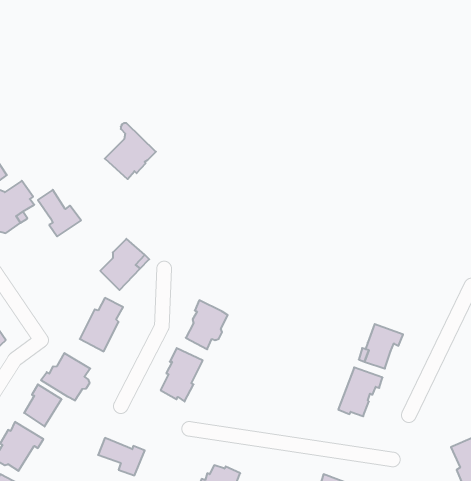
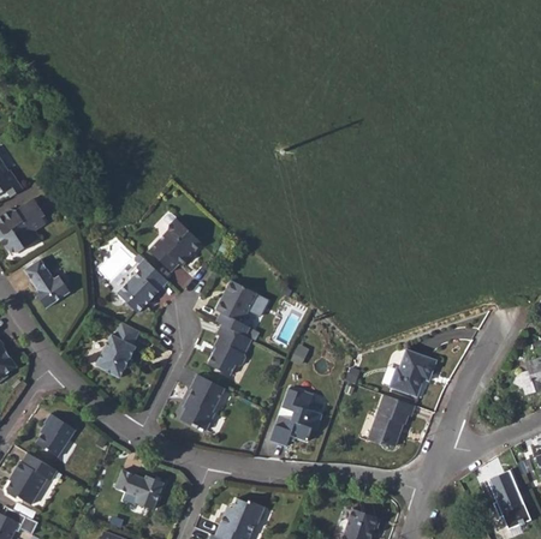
building: [105,123,156,179] -> [148,214,202,273]
building: [38,190,81,236] -> [25,259,71,309]
building: none -> [215,280,257,336]
building: [41,353,90,401] -> none
building: none -> [270,389,322,445]

